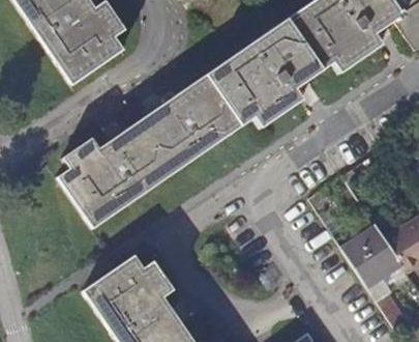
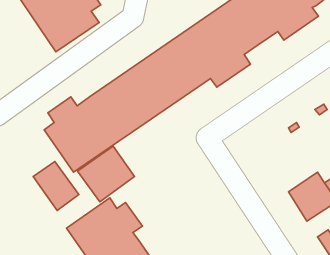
building: none -> [77,146,134,202]
building: none -> [33,161,79,211]

